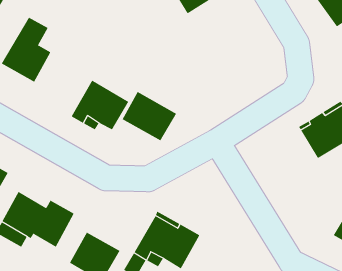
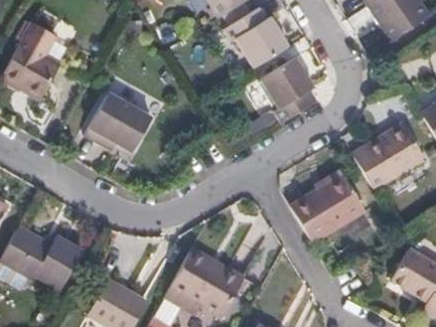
building: none -> [226,9,293,71]
building: none -> [261,56,317,125]
building: [122,91,177,141] -> none
building: none -> [287,168,368,240]

